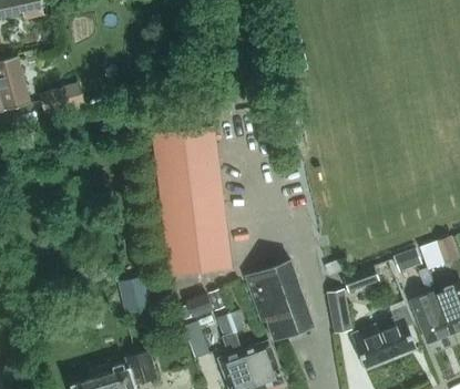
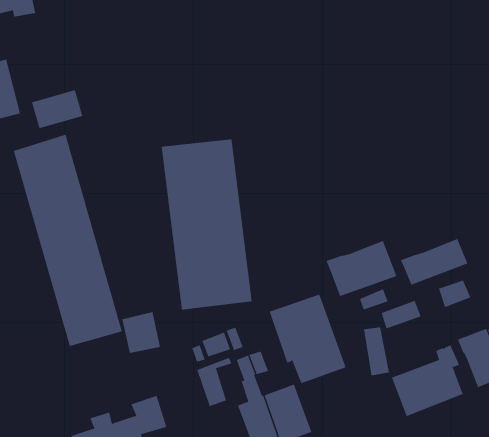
building: none -> [13,134,123,347]
building: none -> [400,238,468,286]
building: none -> [326,240,397,297]

